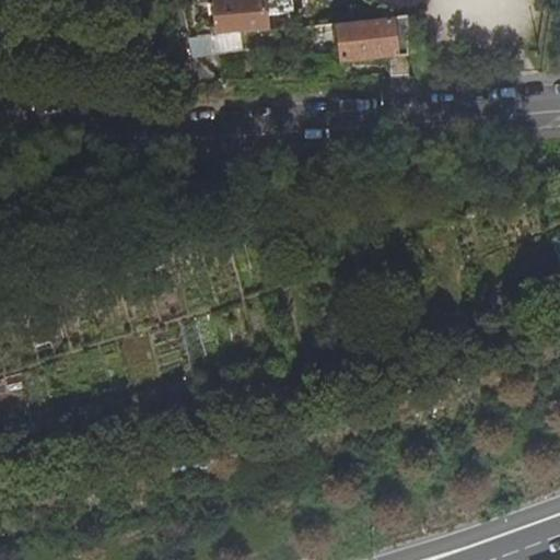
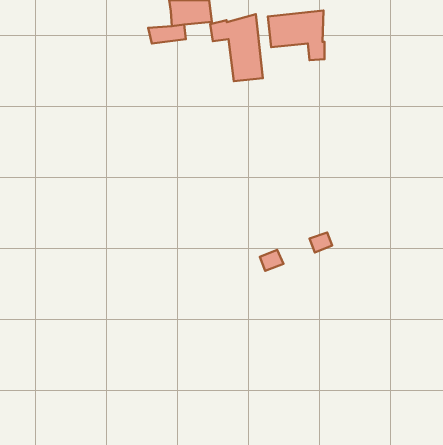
building: none -> [210,14,263,81]

